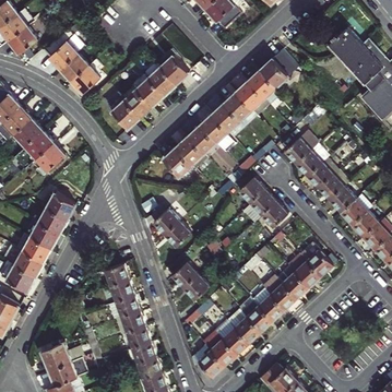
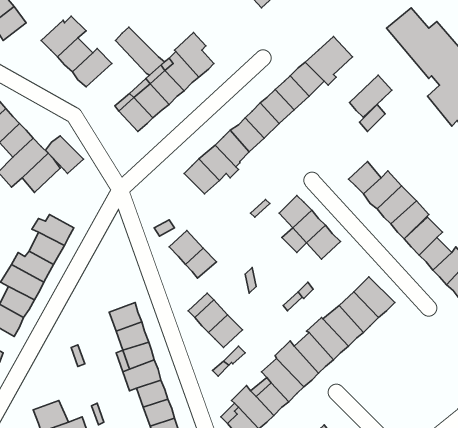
building: none -> [115,27,164,75]
building: none -> [45,136,83,173]
building: [285,131,319,165] -> [350,75,392,117]

